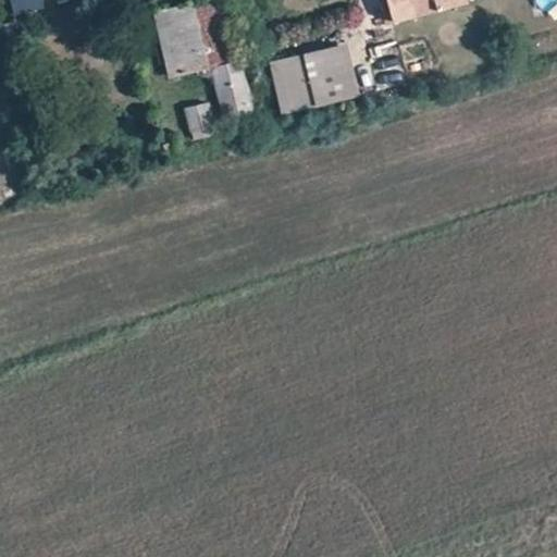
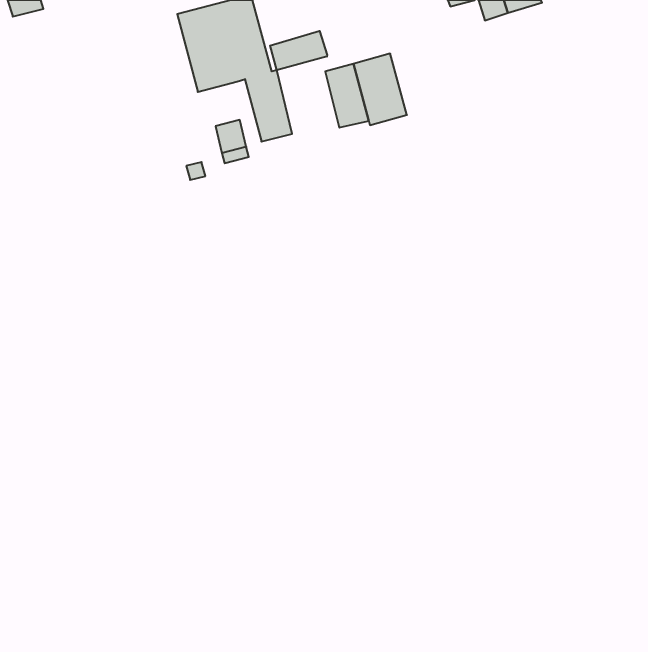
building: none -> [270,31,327,70]

